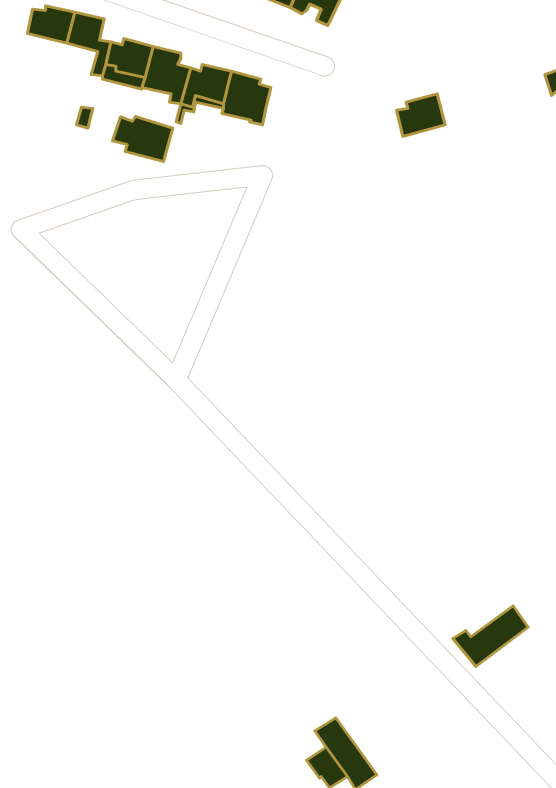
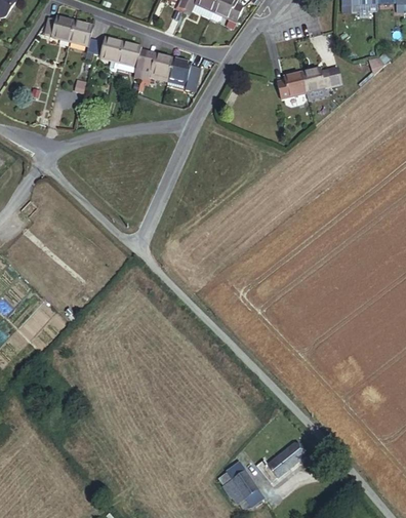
building: none -> [302,67,342,98]
building: [112,117,173,162] -> none
building: [453,606,528,666] -> [257,444,304,482]

